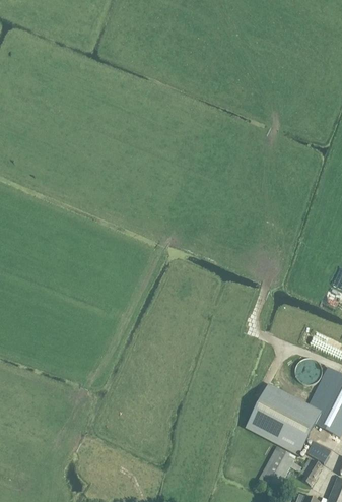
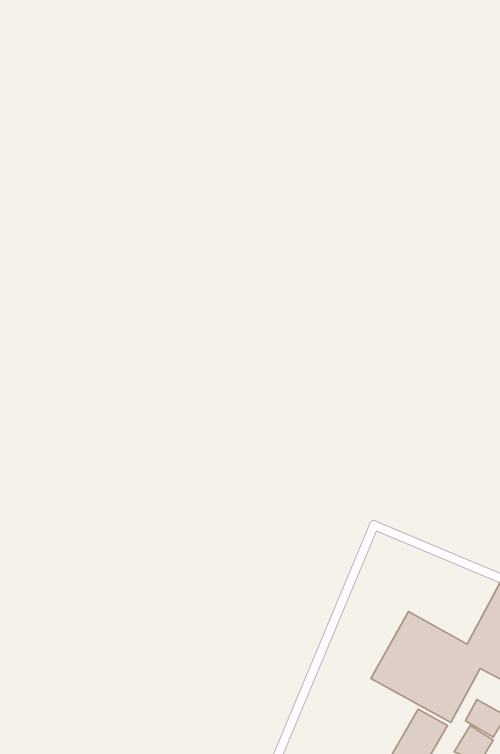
building: [293,360,318,384] -> none

